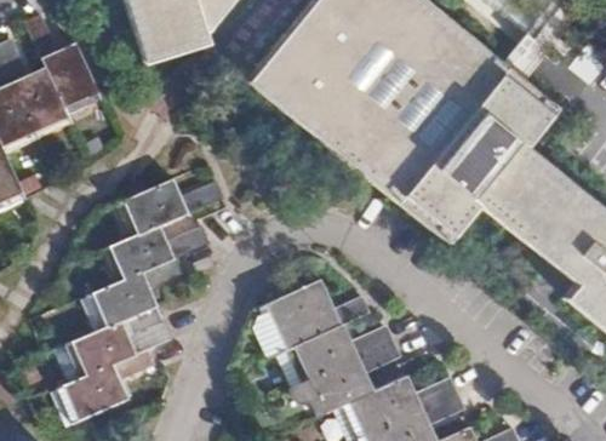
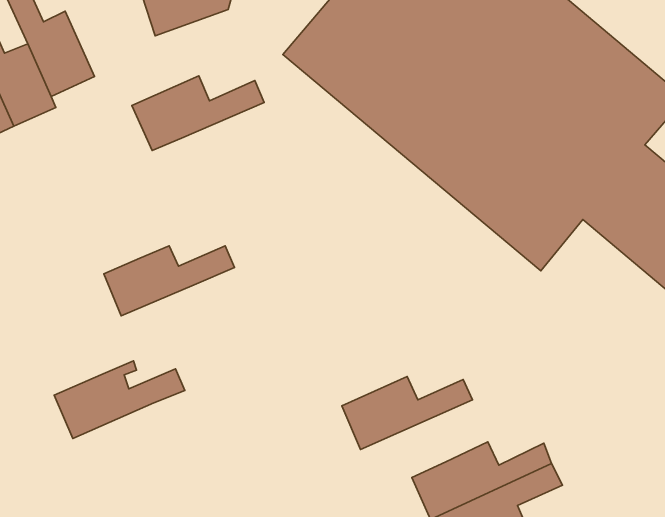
building: [120,178,223,236] -> [132,76,264,151]
building: [91,257,184,327] -> none
building: [252,285,370,363] -> none
building: [308,346,401,418] -> none
building: [61,349,154,422] -> none

